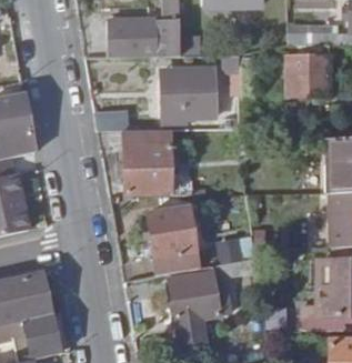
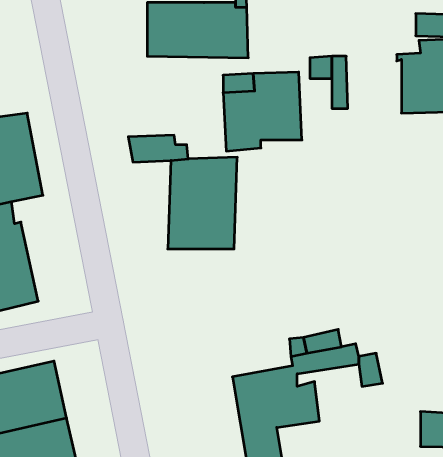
building: [150,210,200,276] -> none

